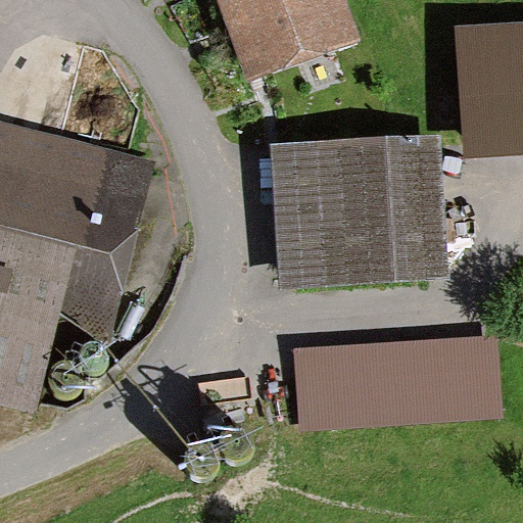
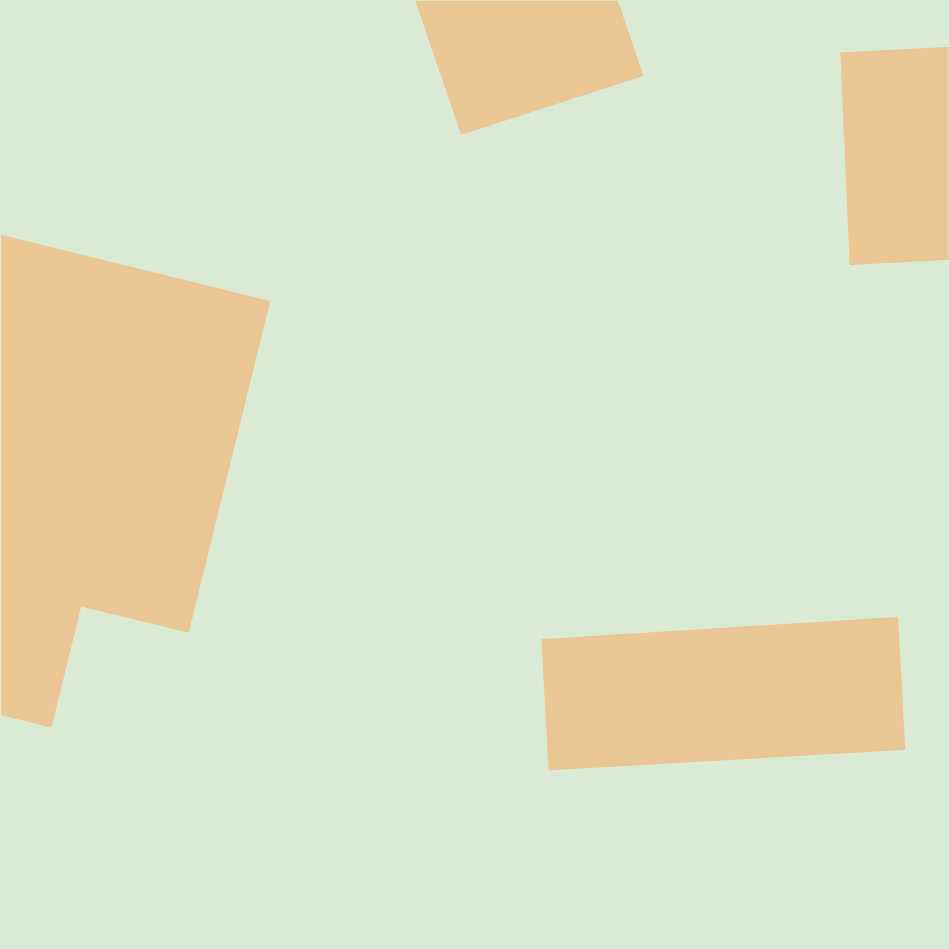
building: [275,141,443,281] -> none

